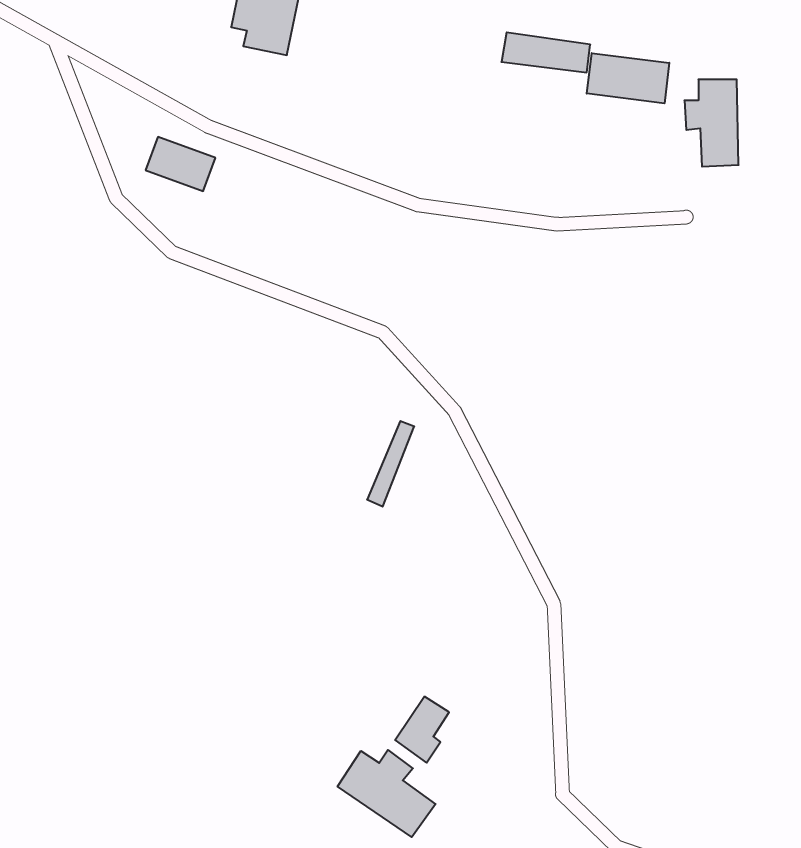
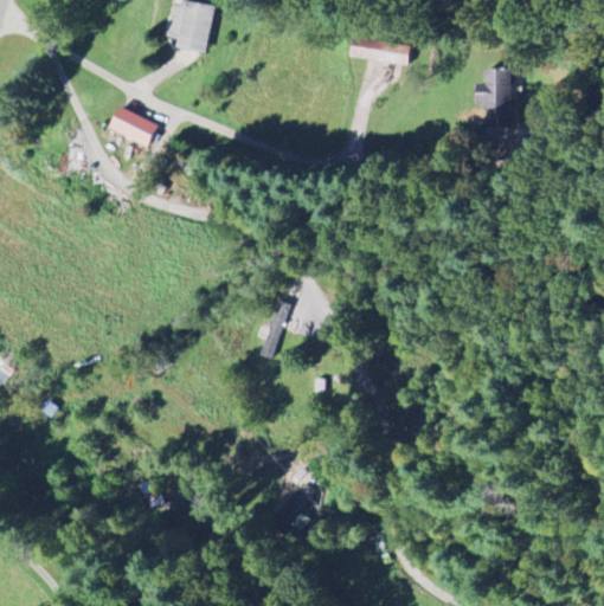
building: [587,53,669,103] -> none
building: [338,750,436,837] -> none

